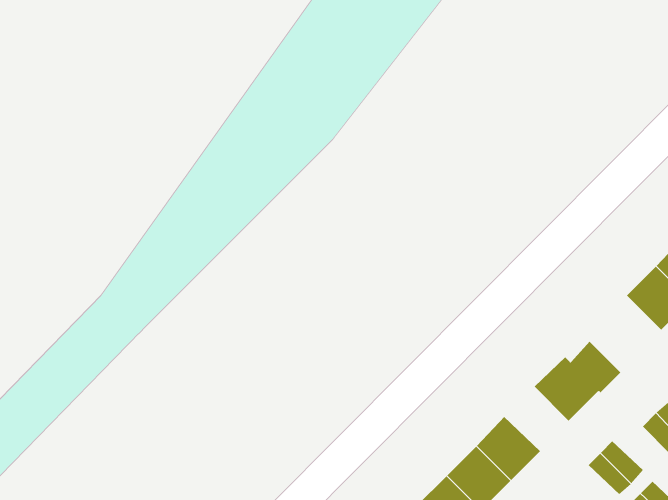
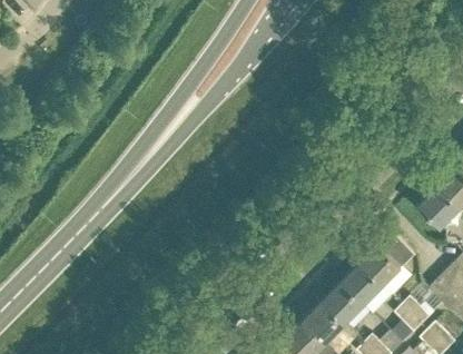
building: none -> [341,263,382,304]

